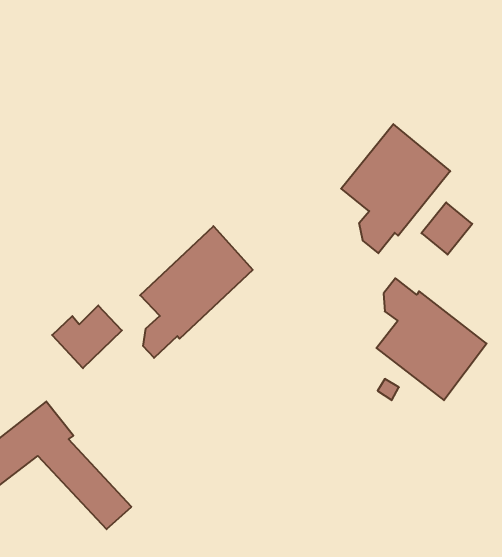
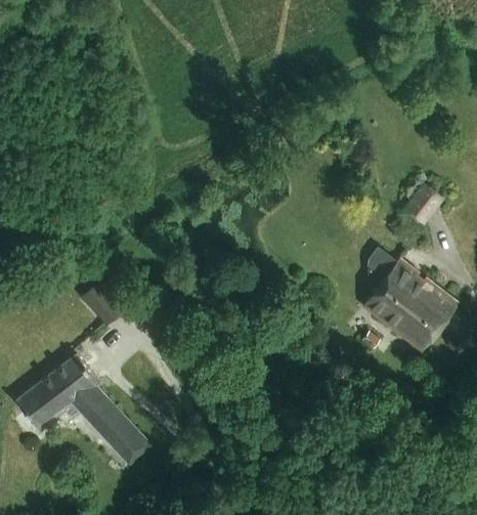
building: [341,124,450,253] -> none
building: [140,226,253,358] -> none

